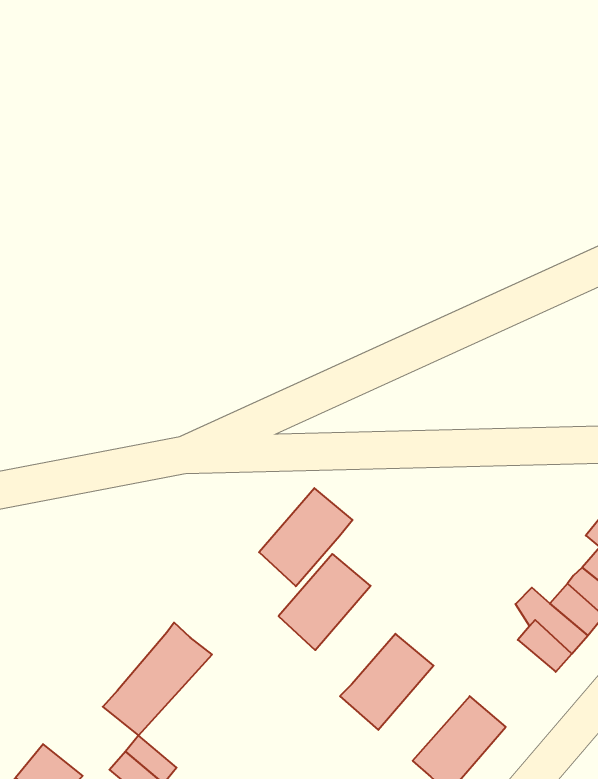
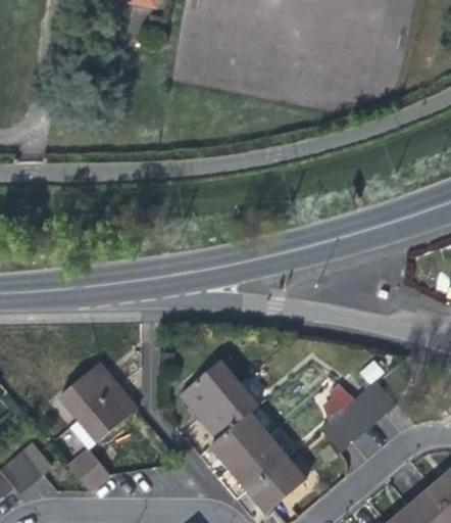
building: [259,488,353,586] -> [200,383,258,439]
building: none -> [60,364,119,421]
building: none -> [230,436,287,490]

